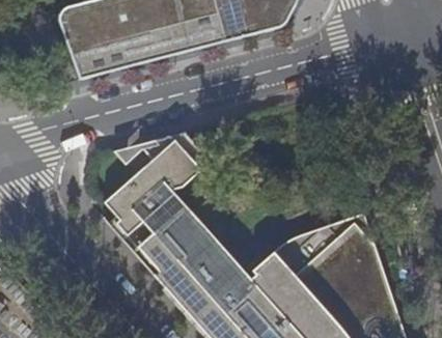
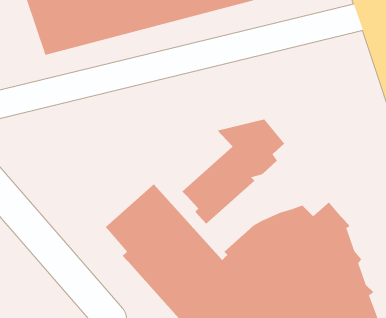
building: [105,133,205,235] -> [182,119,285,225]

